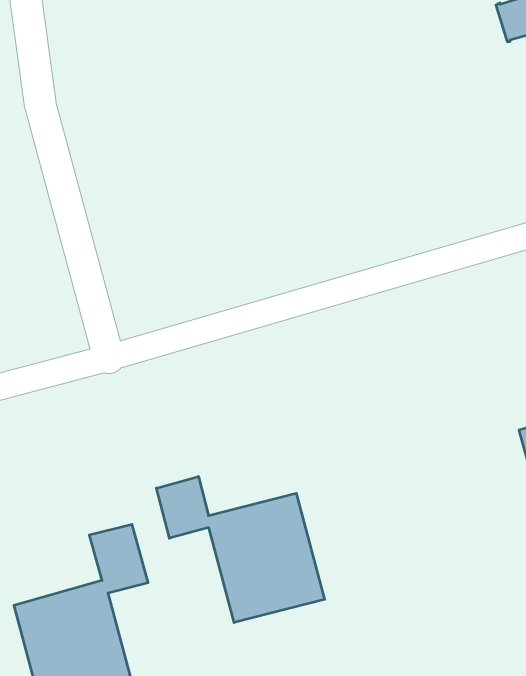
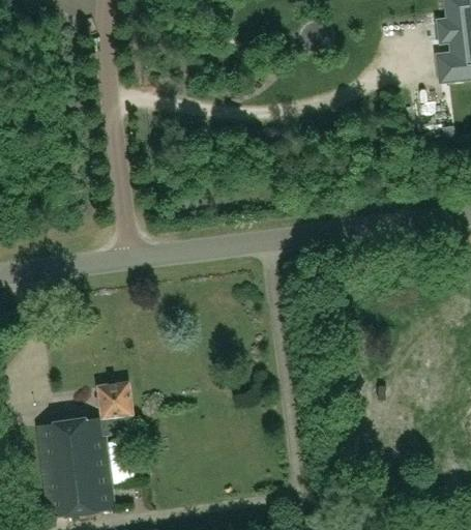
building: [156,476,325,623] -> none

